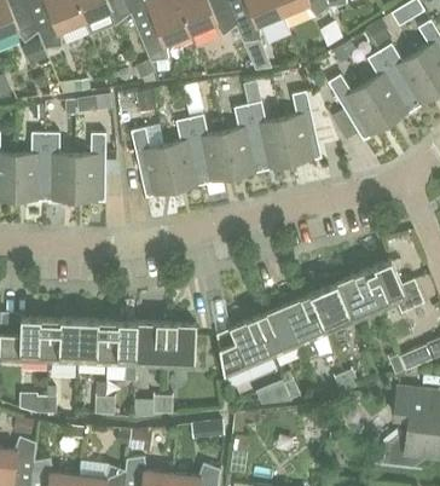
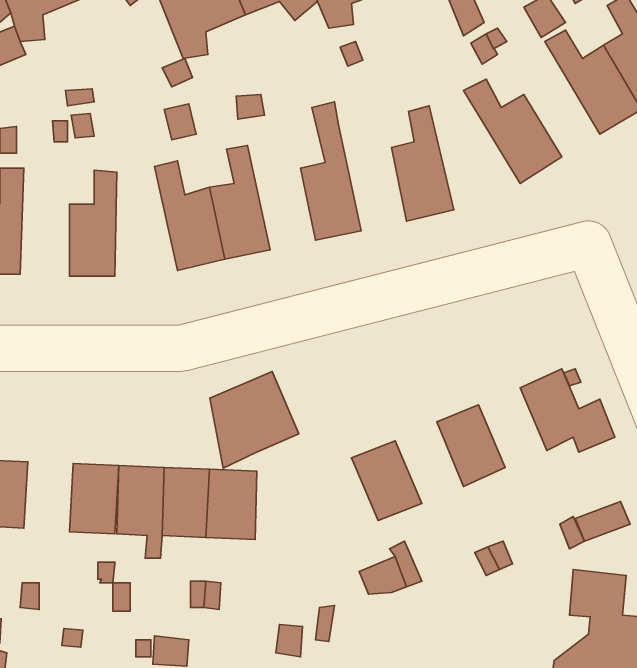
building: [366,51,415,125] -> none
building: [248,102,291,172] -> none
building: [190,115,233,184] -> none
building: [45,132,76,201] -> none
building: [337,272,381,323] -> none
building: [284,294,328,359] -> none
building: [216,317,273,378] -> [210,372,299,468]
building: [47,319,79,364] -> none

